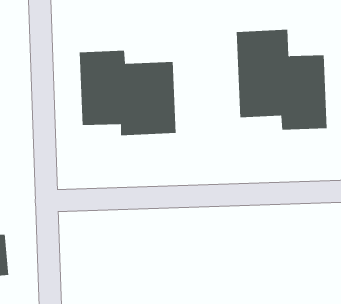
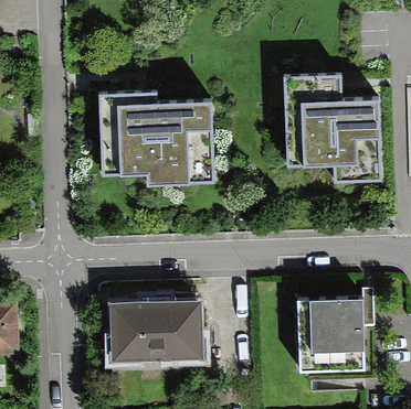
building: none -> [297,287,377,374]
building: none -> [115,299,202,358]

